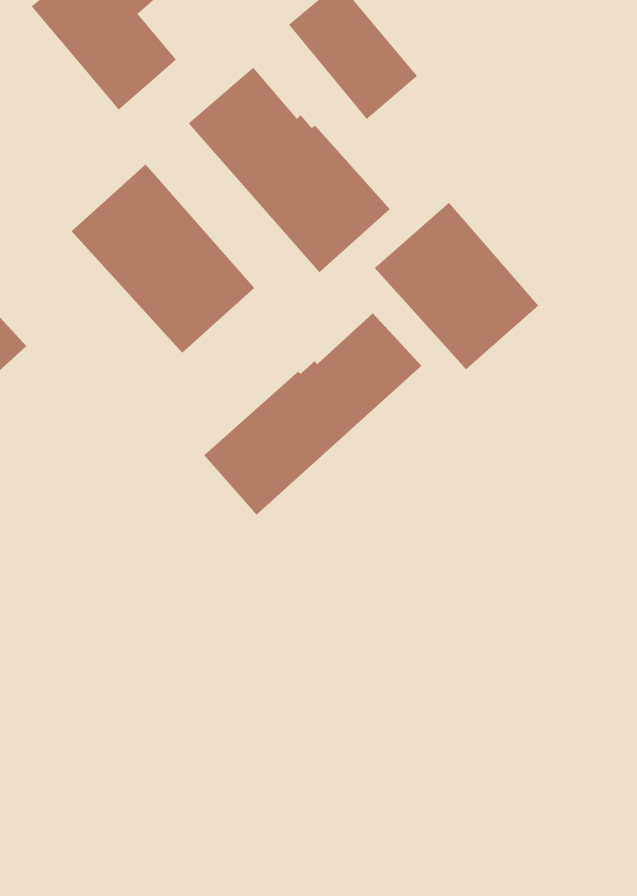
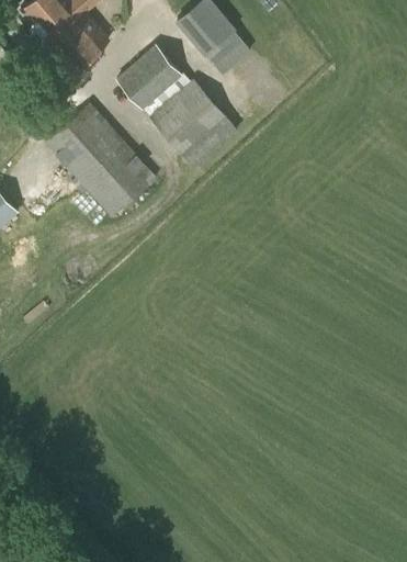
building: [374,202,539,370] -> none
building: [204,312,422,516] -> none

